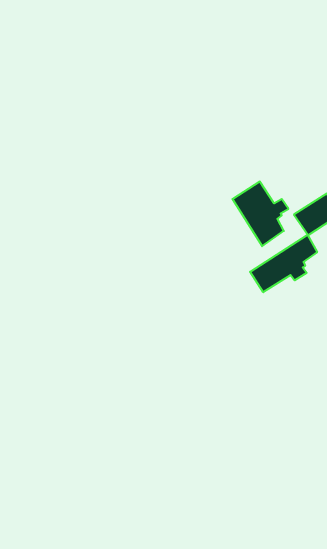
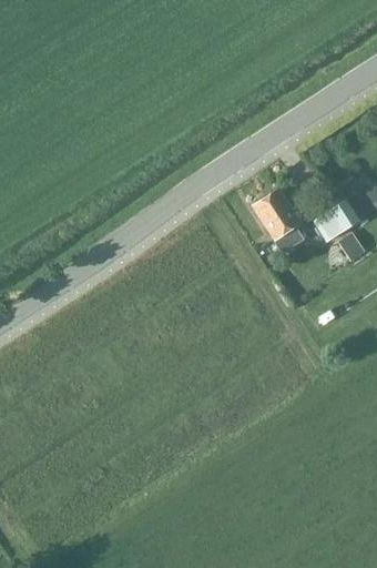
building: [250,235,317,292] -> none

